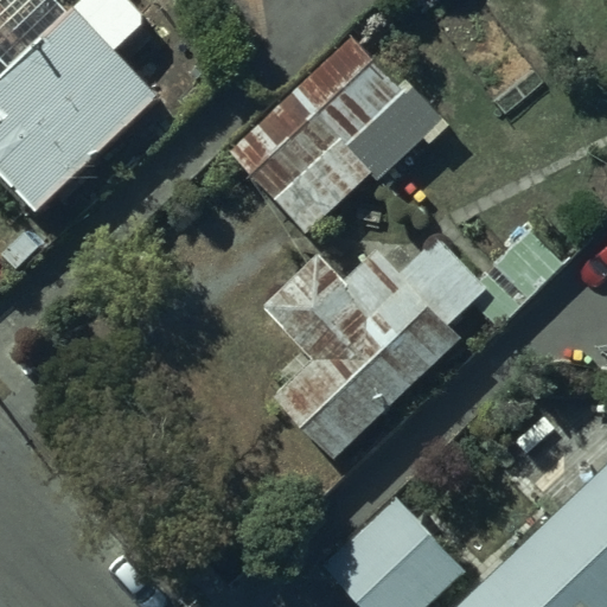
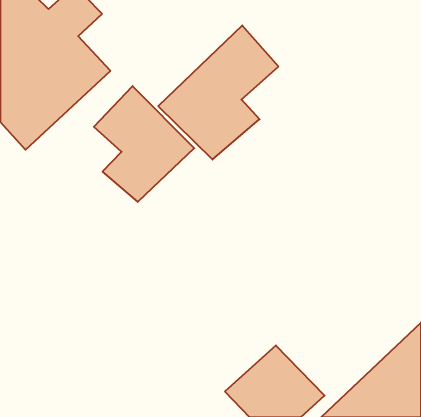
building: none -> [94,86,194,202]
building: [266,239,486,461] -> none

